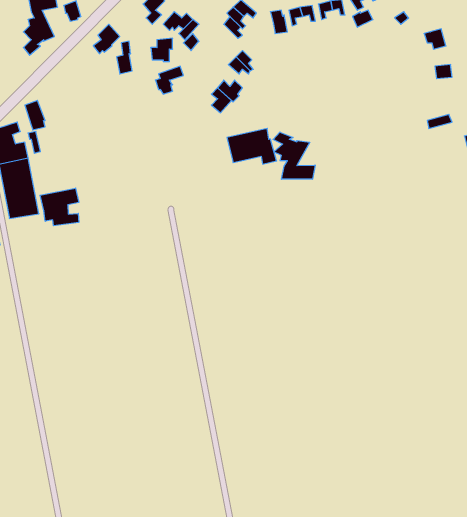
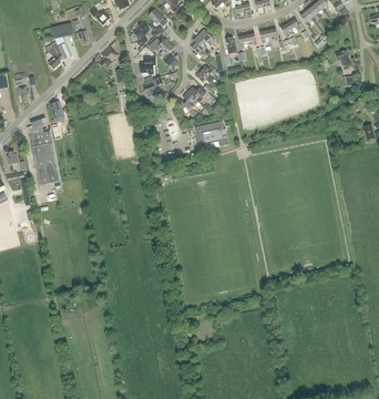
building: [273,132,315,179] -> none
building: [40,188,79,226] -> none

